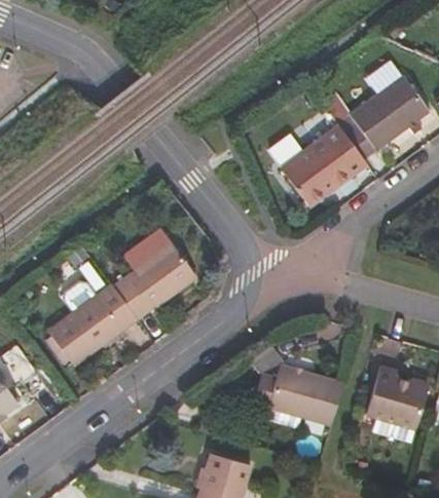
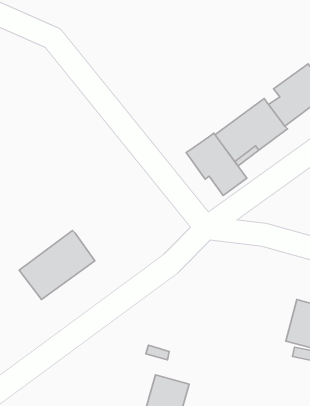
building: none -> [186,133,247,195]
building: [114,228,198,318] -> none
building: [253,363,344,423] -> none

